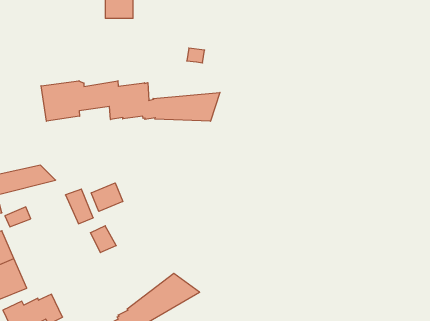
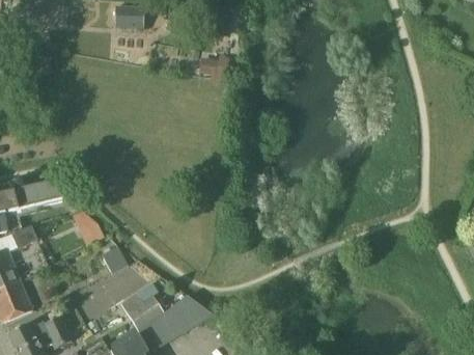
building: [41,81,220,121] -> none
building: [91,183,123,211] -> none
building: none -> [120,283,164,329]

